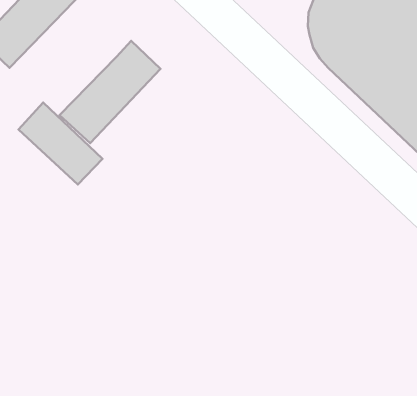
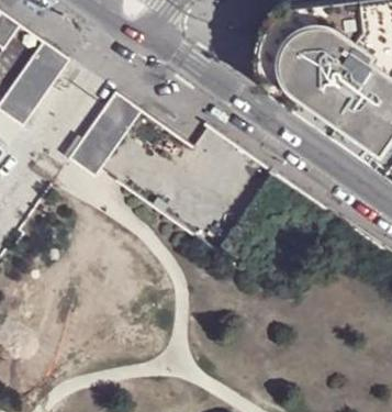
building: [19,102,102,185] -> none

